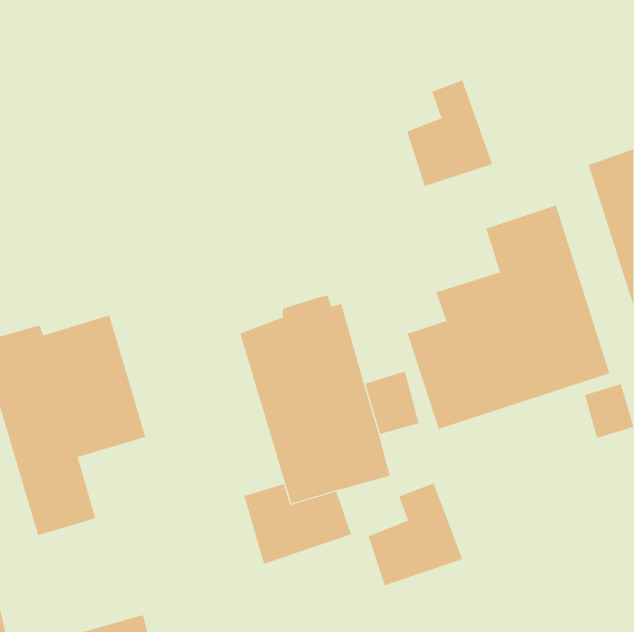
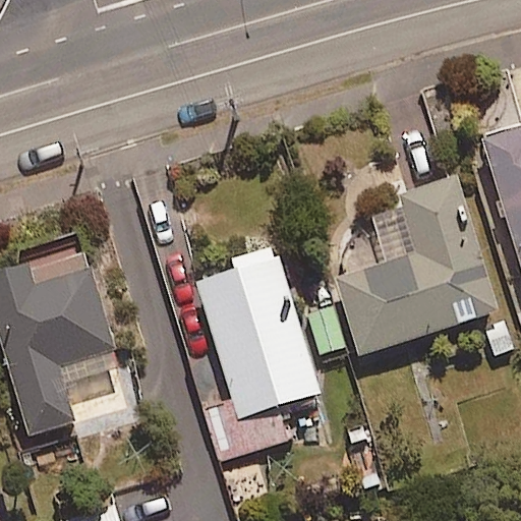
building: [406,79,493,187] -> none
building: [368,483,463,586] -> none

